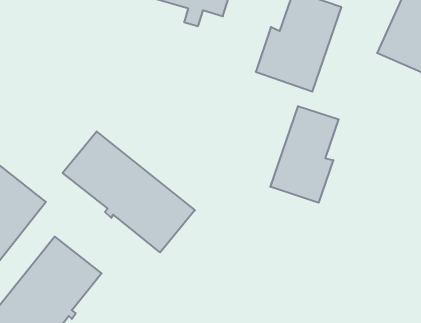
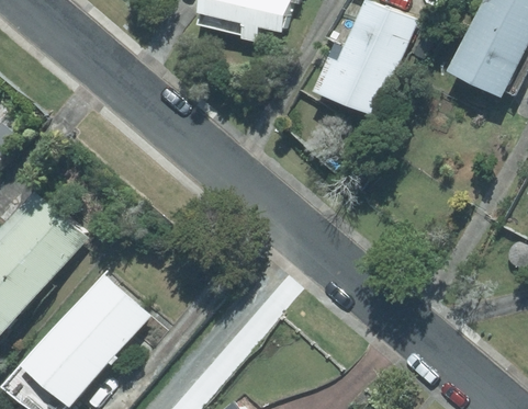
building: [270,106,339,203] -> none
building: [63,131,195,252] -> none

